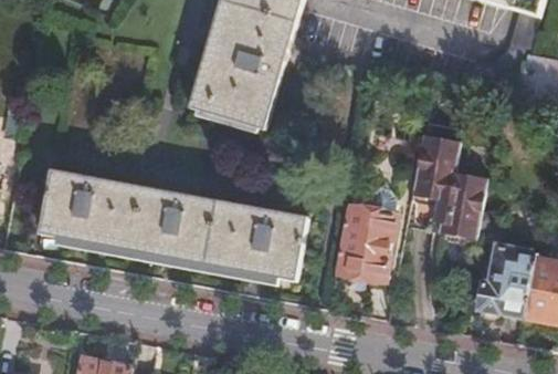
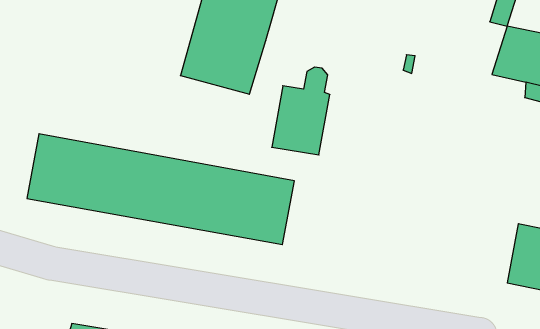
building: [410,139,486,245] -> none
building: [335,190,393,279] -> [272,67,330,155]
building: [476,243,536,319] -> none

